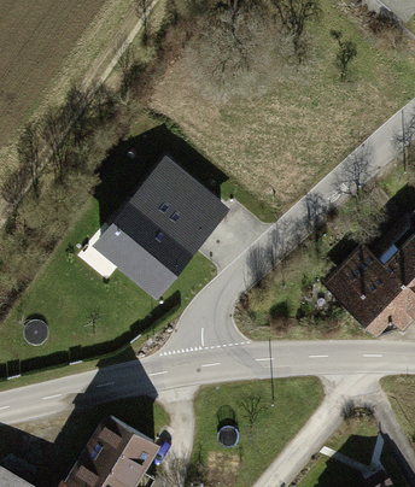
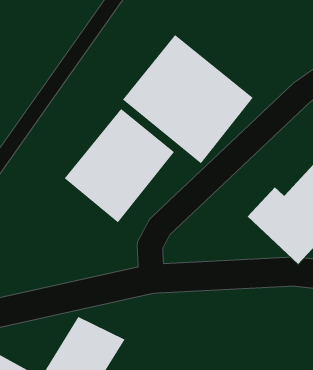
building: none -> [122,34,254,164]

